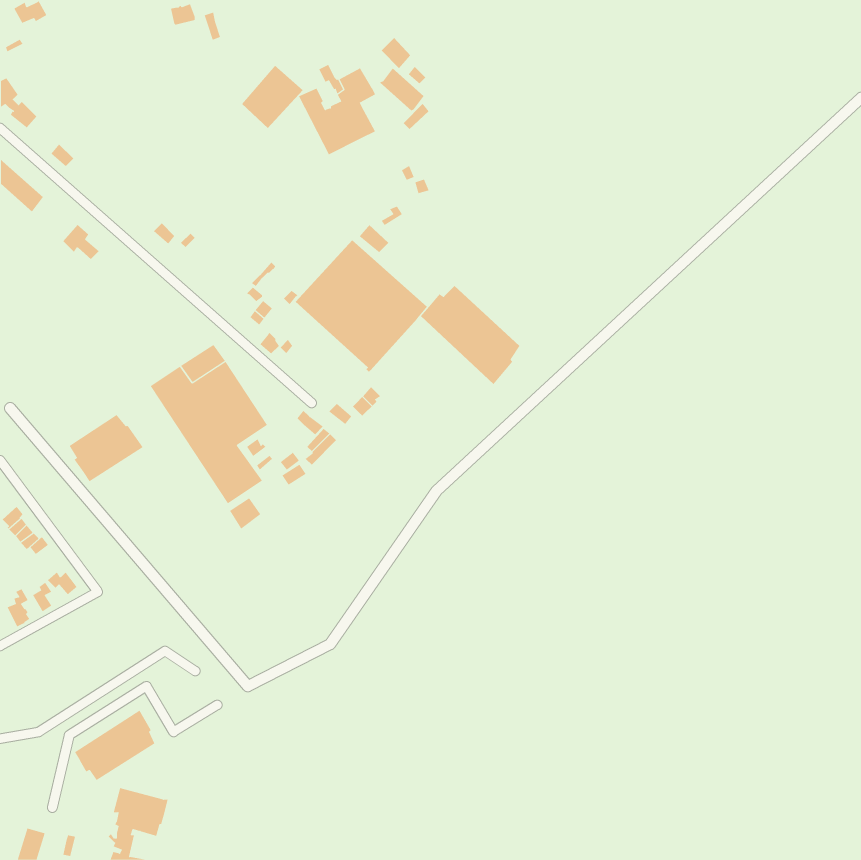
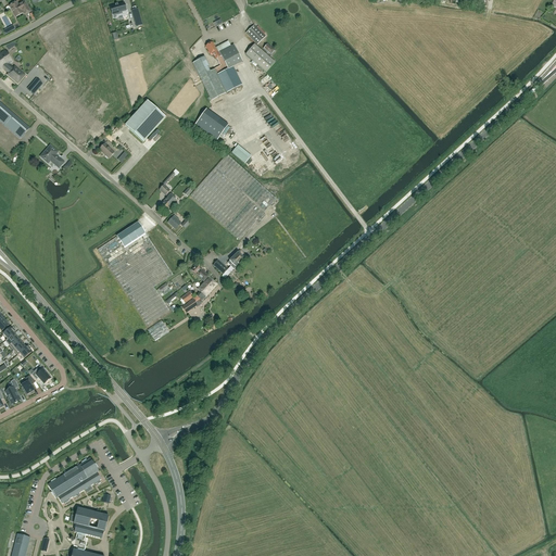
building: [241,65,303,129] -> [125,100,165,141]
building: none -> [194,109,228,142]
building: [420,285,520,385] -> none
building: [69,414,143,482] -> none

